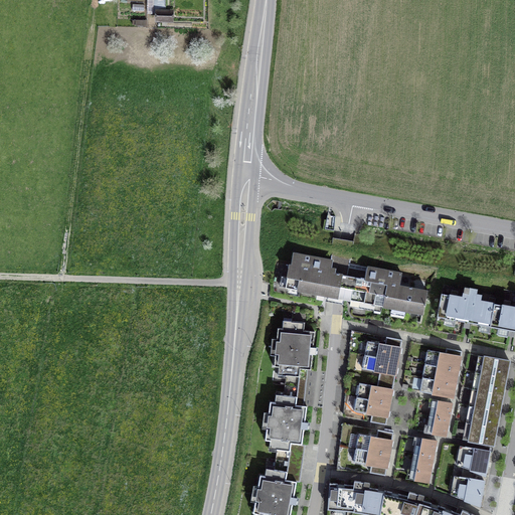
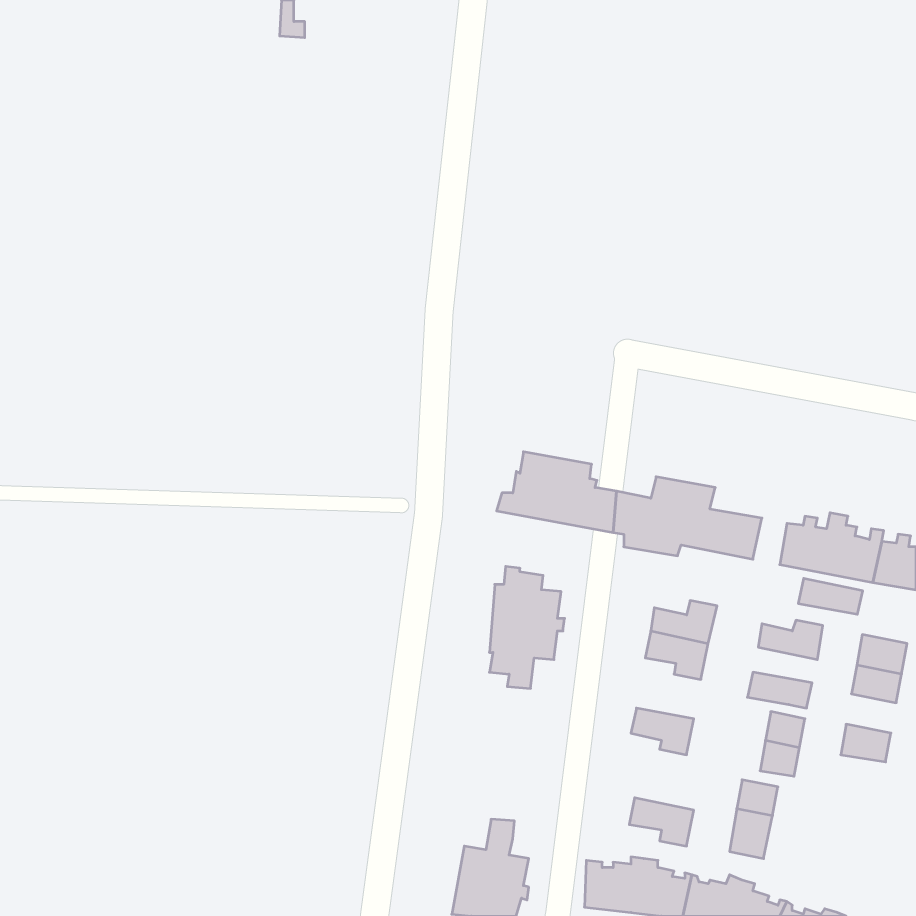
building: [422,363,459,383] -> [798,578,863,614]
building: [357,378,393,403] -> none
building: [266,385,308,461] -> none
building: [475,389,503,411] -> none
building: [469,423,497,445] -> none
building: [356,431,393,455] -> none
building: [461,447,490,475] -> none
building: [456,476,484,505] -> none

